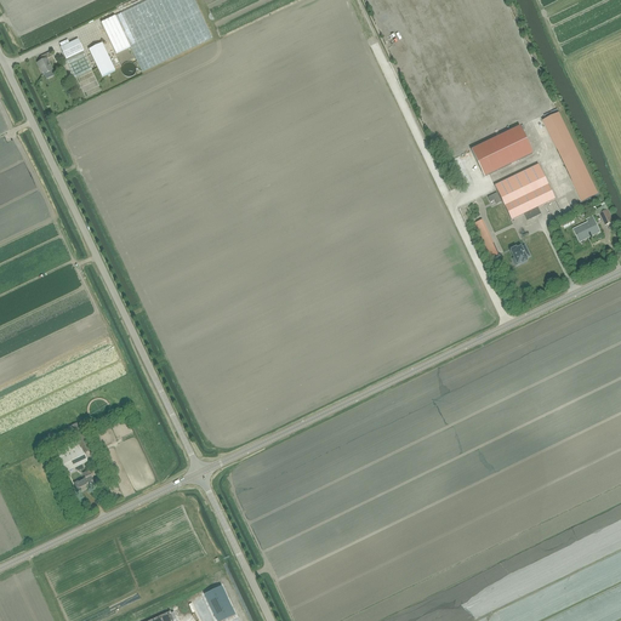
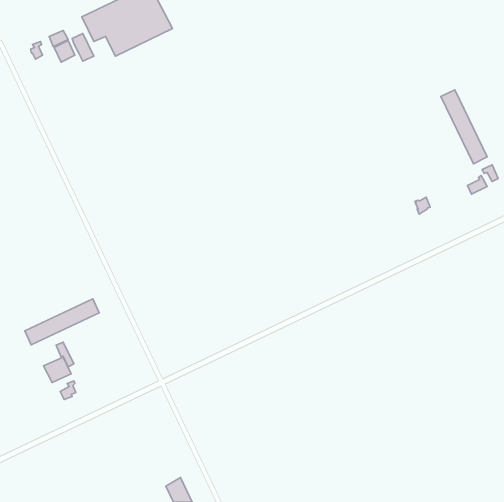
building: [471,124,532,175] -> none
building: [494,163,556,218] -> none
building: none -> [25,299,99,345]

